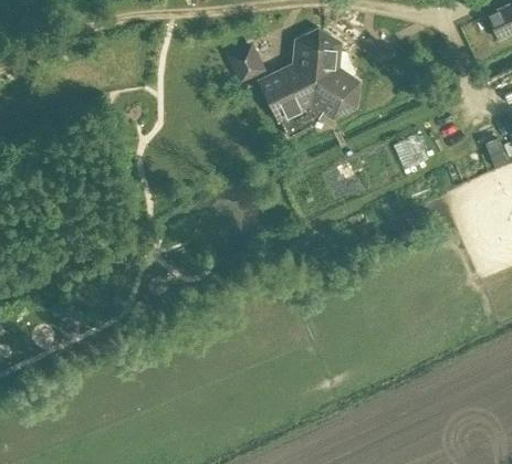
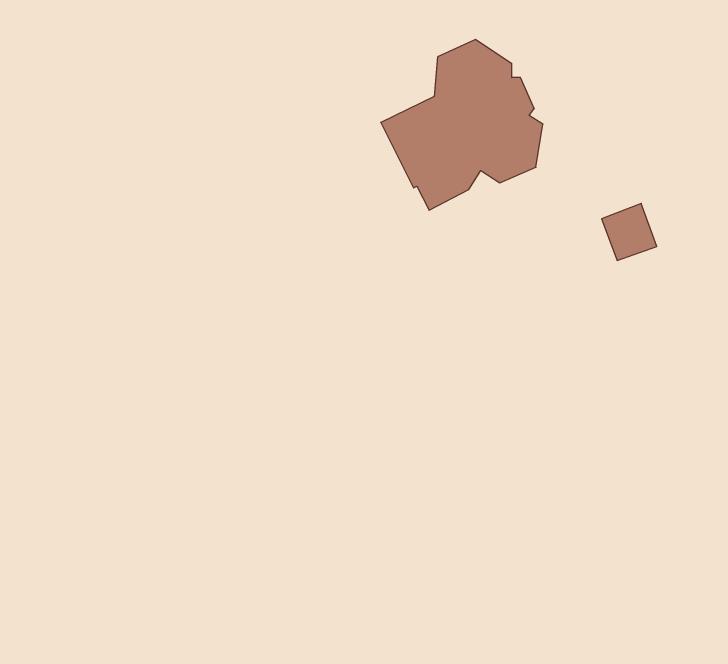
building: [223,43,263,83] -> none

